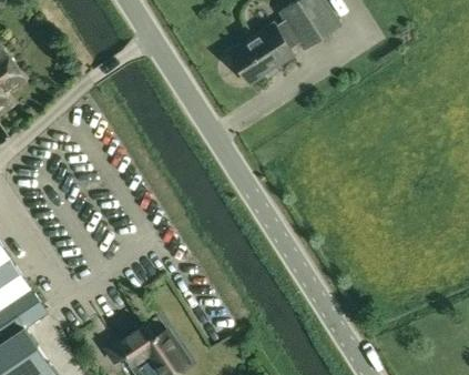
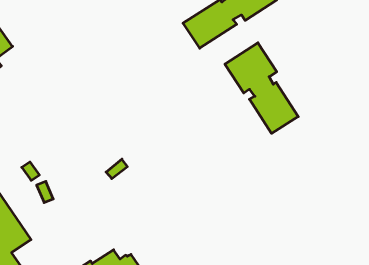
building: none -> [225,43,298,133]

